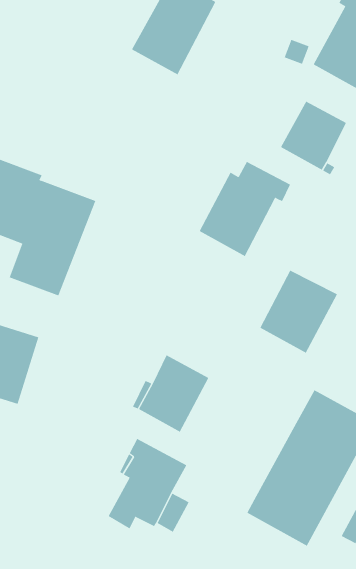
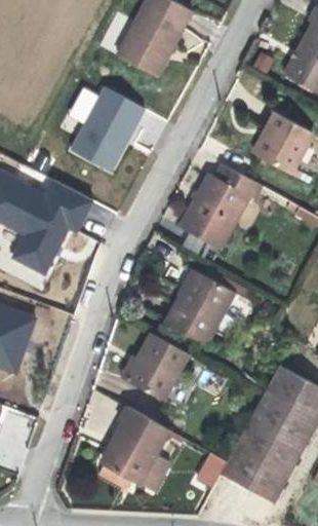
building: none -> [70,87,148,176]
building: [260,270,338,354] -> [163,267,232,341]

